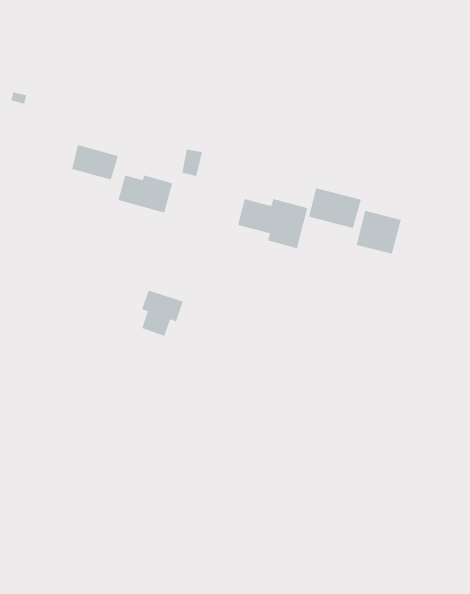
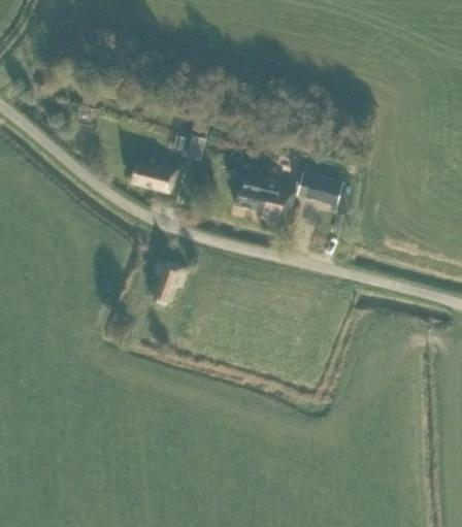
building: [71,144,119,180] -> none
building: [356,210,402,254] -> none

